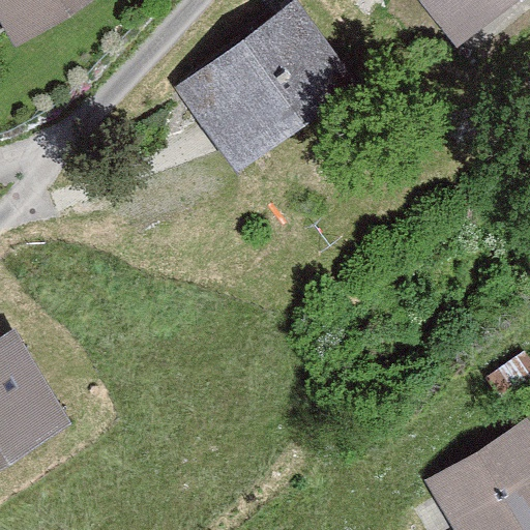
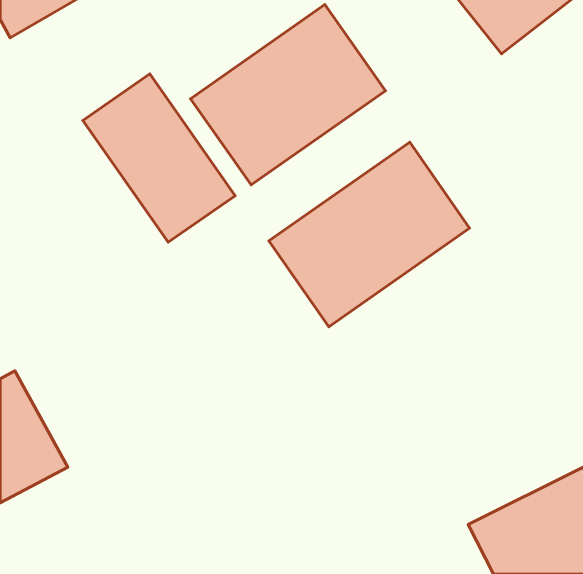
building: none -> [83,74,235,242]
building: none -> [269,142,470,327]

